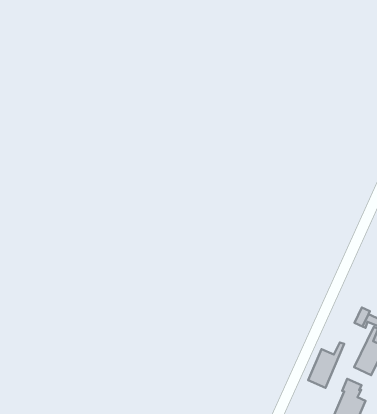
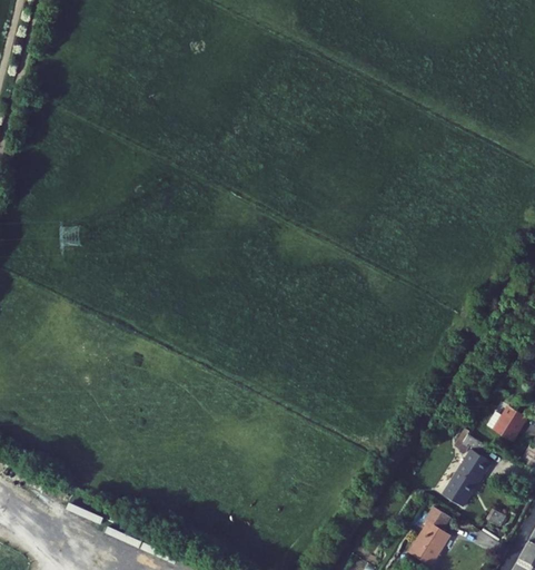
building: [308,342,344,388] -> none

